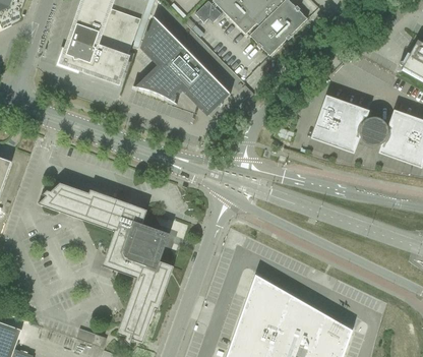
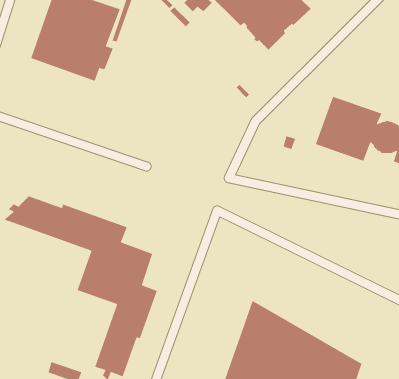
building: [132,16,230,115] -> none

